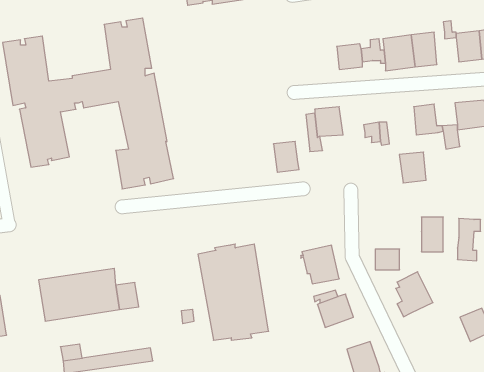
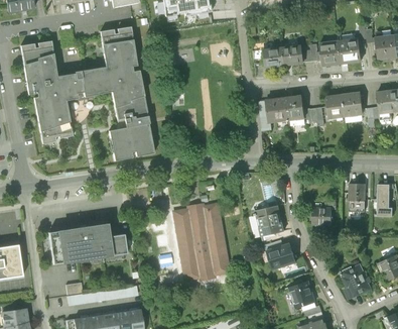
building: none -> [262,48,284,69]
building: [273,141,299,172] -> [284,94,304,118]
building: [399,152,426,183] -> [323,96,345,120]
building: [396,272,433,317] -> [343,263,372,299]

